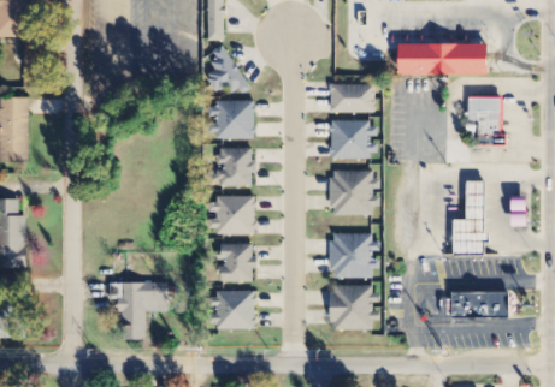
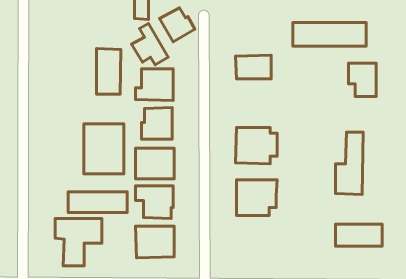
building: none -> [159,8,195,42]
building: none -> [97,48,121,94]
building: [331,120,377,157] -> none
building: none -> [84,124,124,174]
building: none -> [68,192,127,213]
building: [331,285,382,329] -> none

